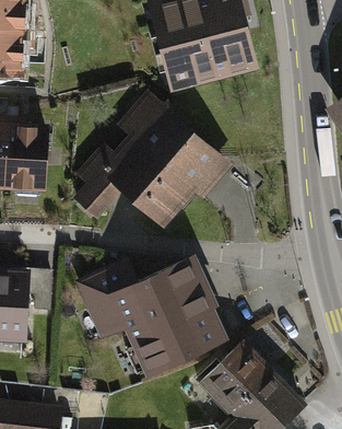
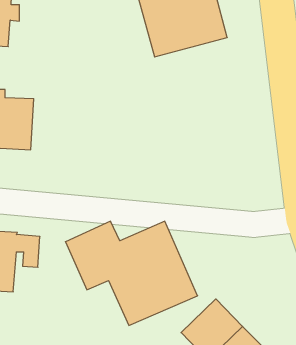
building: [78,94,221,223] -> none

